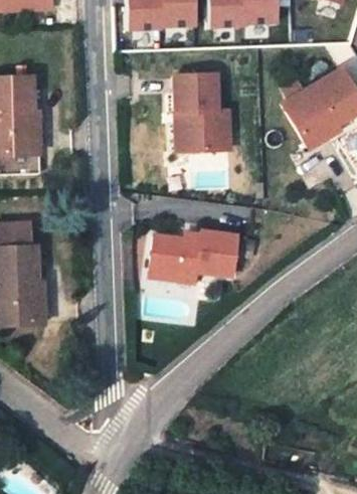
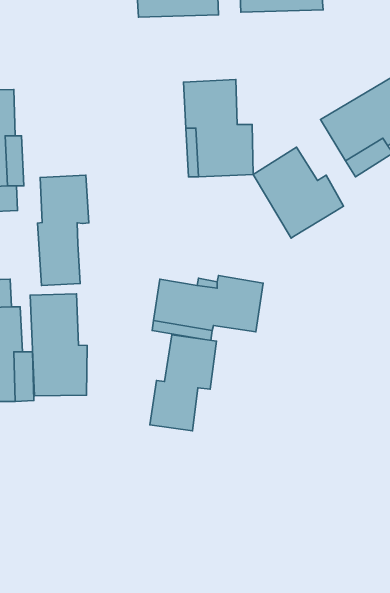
building: none -> [253,147,344,238]
building: none -> [38,175,89,285]
building: none -> [30,294,87,396]
building: none -> [150,335,216,431]

